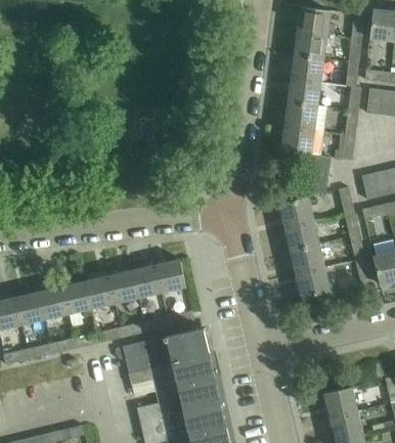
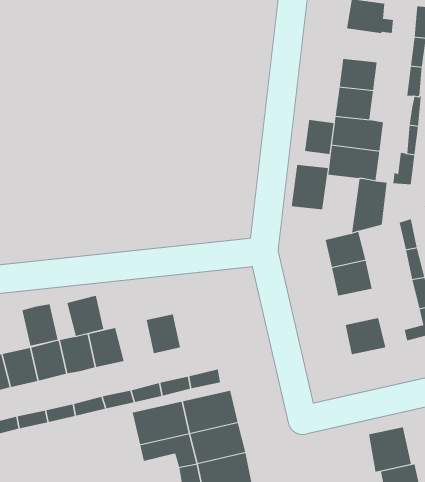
building: [294,32,325,59] -> none
building: none -> [305,119,334,155]
building: none -> [291,164,328,210]
building: [290,245,323,274] -> none
building: none -> [22,304,58,347]
building: [156,260,185,293] -> none
building: [108,270,139,304] -> [66,295,104,337]
building: none -> [369,426,411,472]

